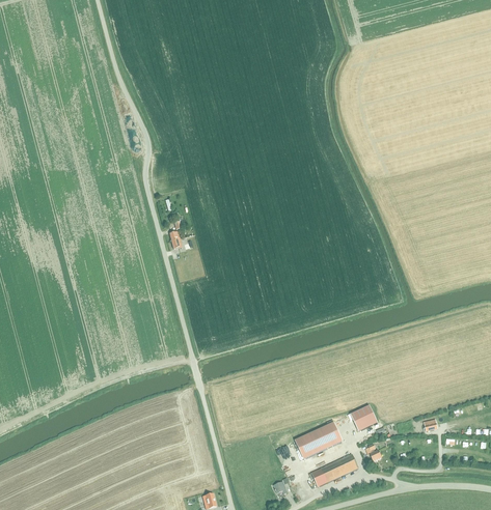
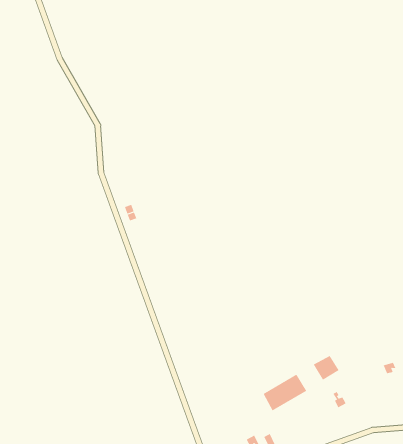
building: [310,453,357,486] -> none

